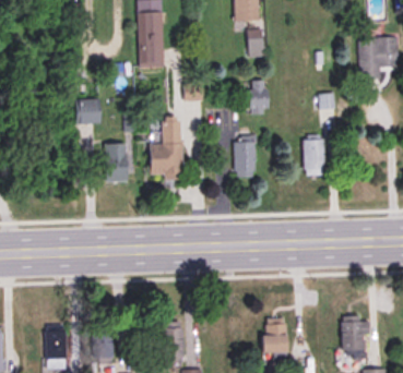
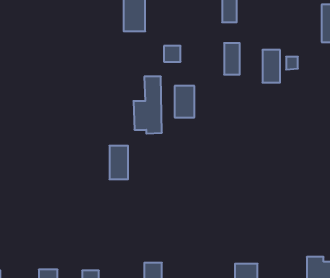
building: [75,99,99,123] -> none
building: [304,140,323,176] -> [262,50,280,83]
building: [234,142,256,177] -> [175,86,194,117]
building: [106,144,127,181] -> [109,146,128,179]

